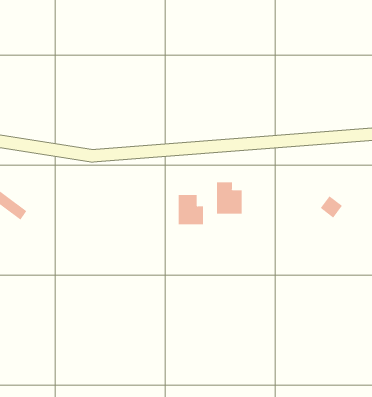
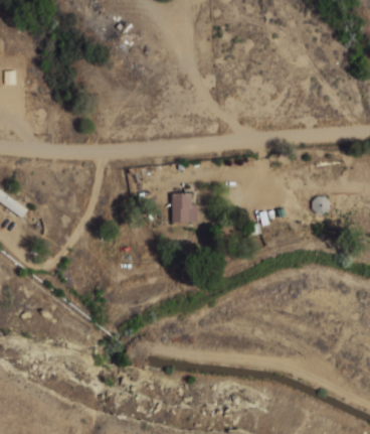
building: [216,182,242,214] -> none

